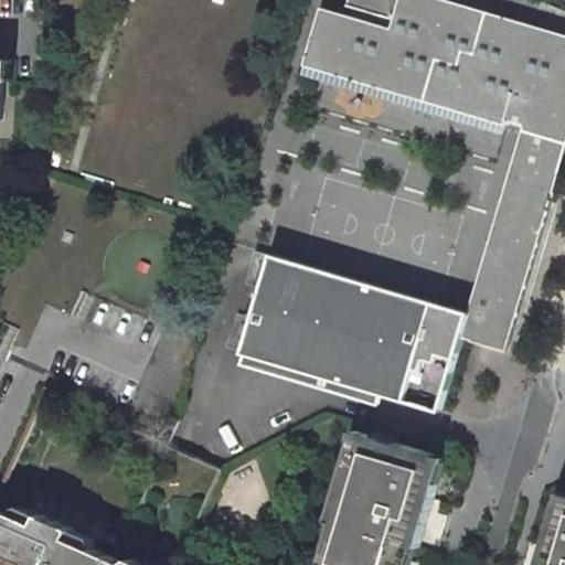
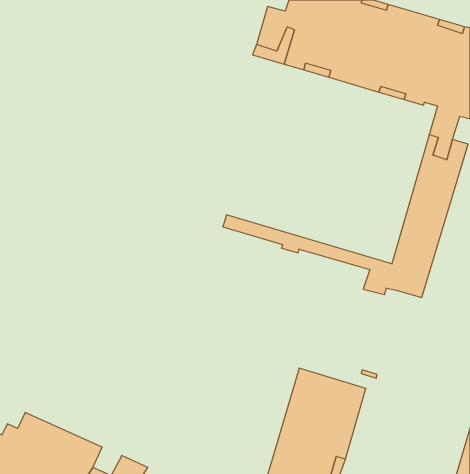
building: [241,270,457,413] -> none

